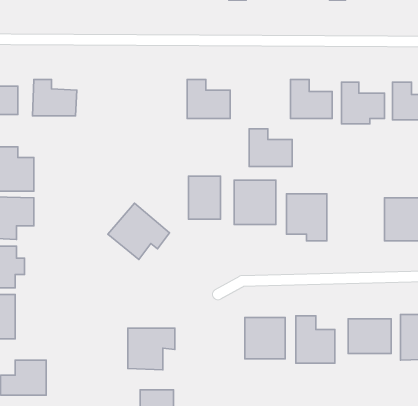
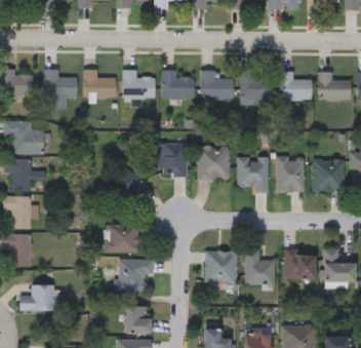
building: none -> [83,70,116,98]
building: none -> [122,70,155,98]
building: [249,129,292,166] -> [200,71,233,100]
building: none -> [276,158,304,193]
building: none -> [104,225,141,253]

